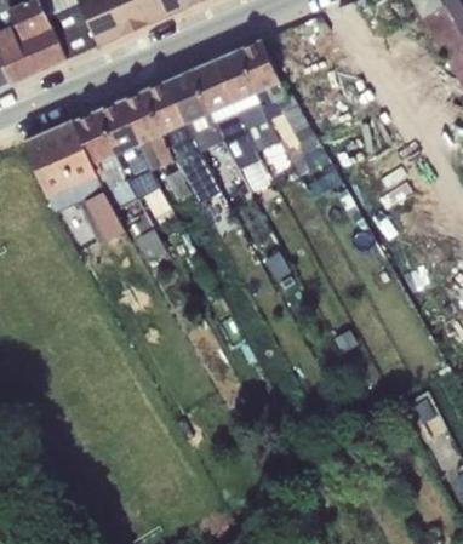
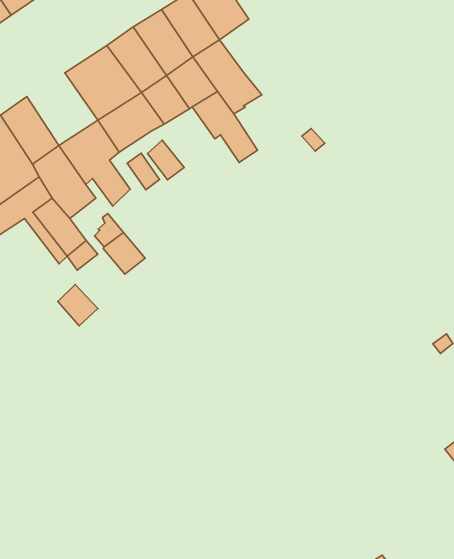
building: [255,80,310,174] -> none
building: [97,97,149,153] -> none

